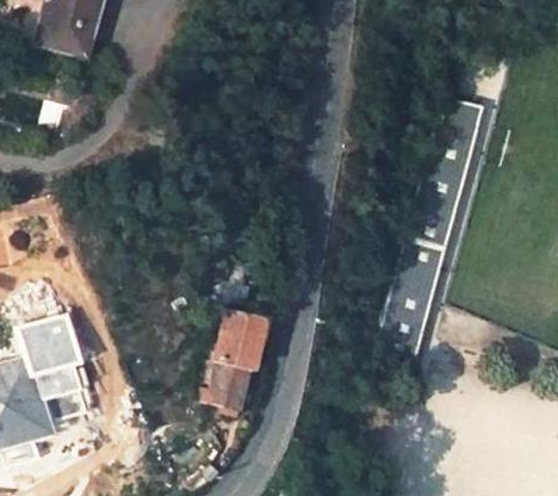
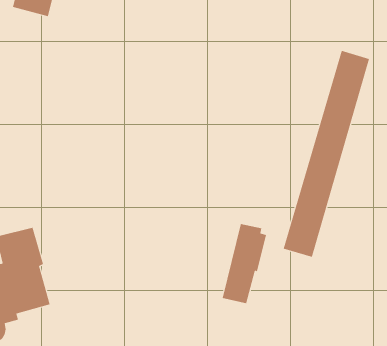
building: [206,310,262,410] -> [222,224,267,304]

